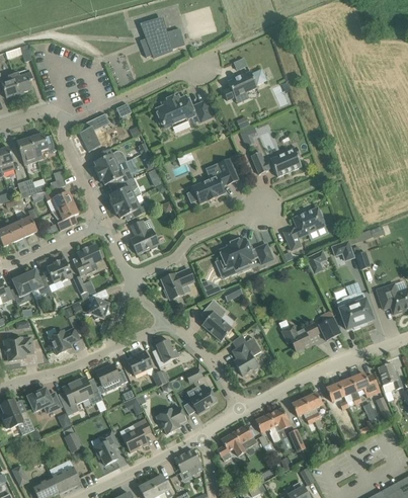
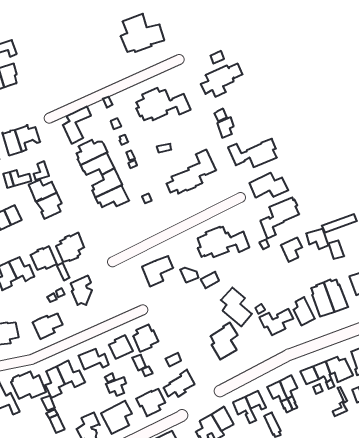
building: none -> [249,173,288,198]
building: [130,220,159,254] -> none
building: [199,301,232,341] -> [221,287,252,326]

